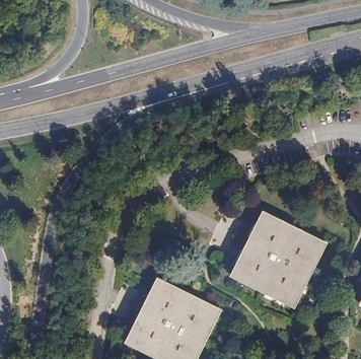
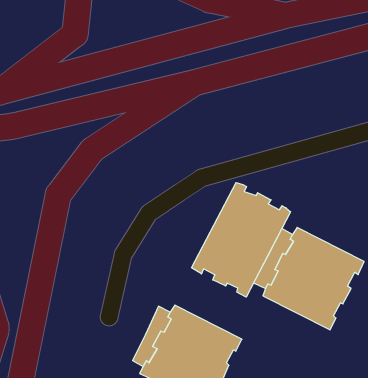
building: none -> [192,183,291,297]

